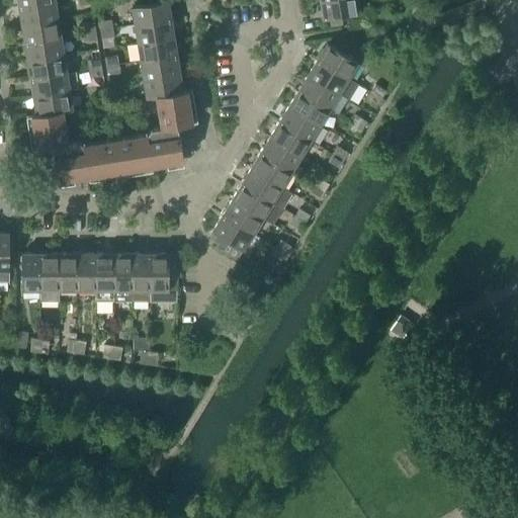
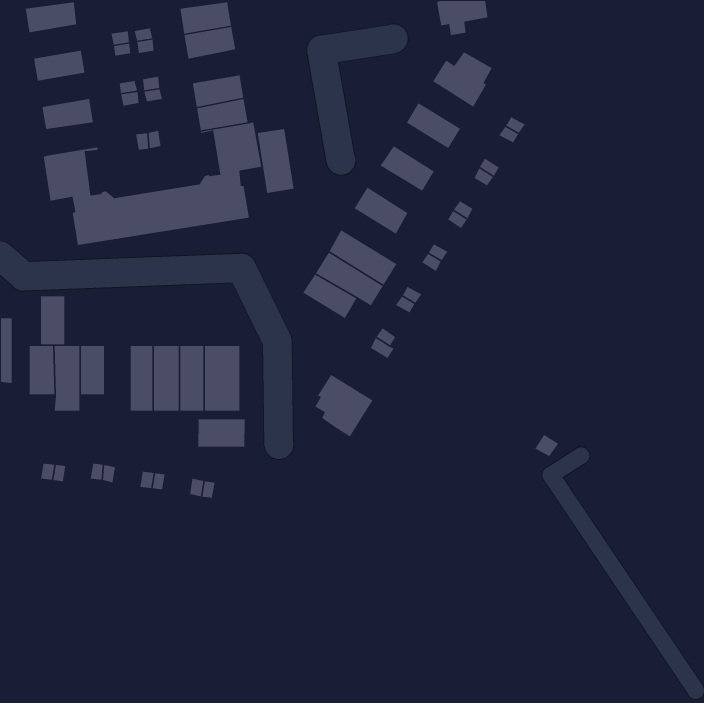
building: [22,20,61,45] -> none
building: [139,38,177,63] -> none
building: [28,56,67,80] -> none
building: [308,62,358,102] -> none
building: [34,92,73,115] -> none
building: [289,92,330,127] -> none
building: none -> [257,128,295,194]
building: [270,123,311,158] -> none
building: [251,155,291,189] -> none
building: [210,217,254,263] -> [314,374,374,437]
building: [78,255,96,291] -> [40,296,65,345]
building: none -> [198,418,245,448]

